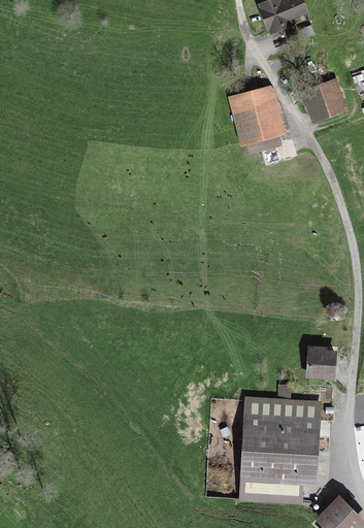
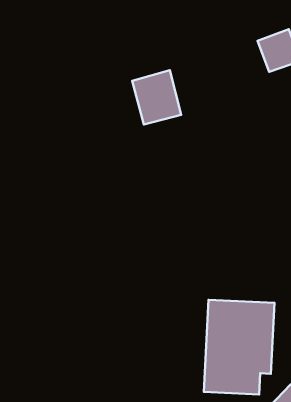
building: [228,88,285,151] -> [132,70,181,125]
building: [305,343,335,375] -> none

